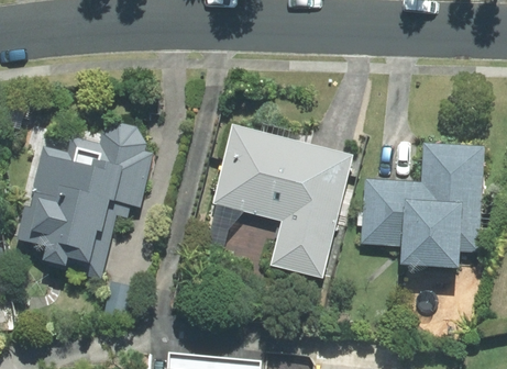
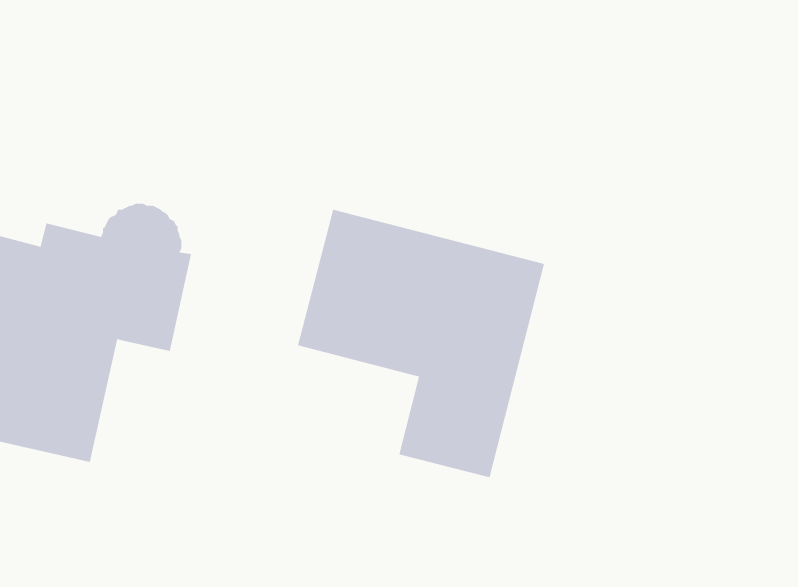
building: [355,143,482,267] -> none

